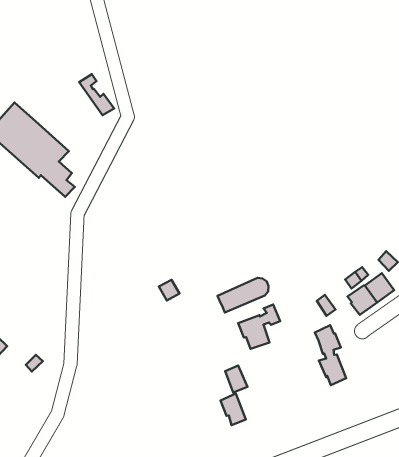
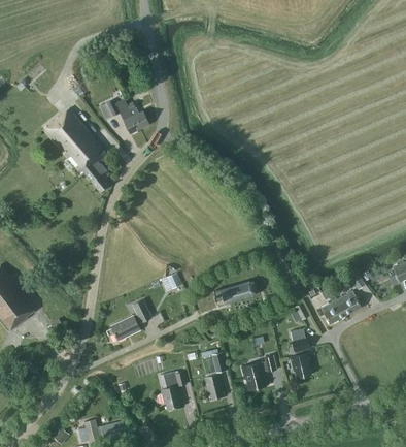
building: none -> [106,98,139,133]
building: [238,305,280,349] -> [241,354,276,388]
building: none -> [110,298,153,340]
building: none -> [161,370,185,409]

